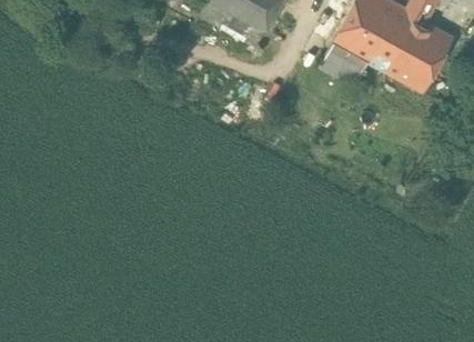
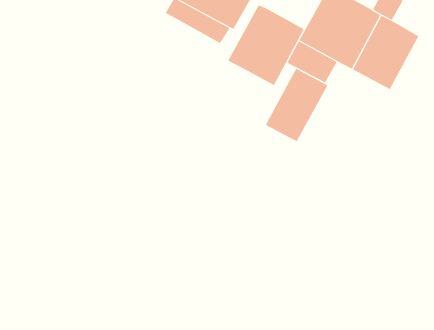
building: none -> [228,4,305,86]
building: none -> [265,68,328,142]

